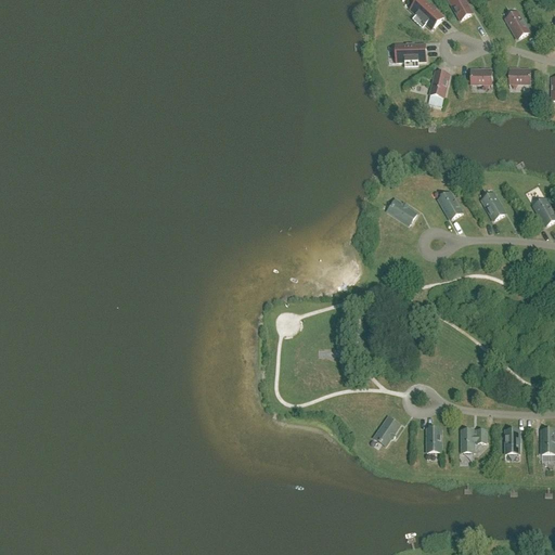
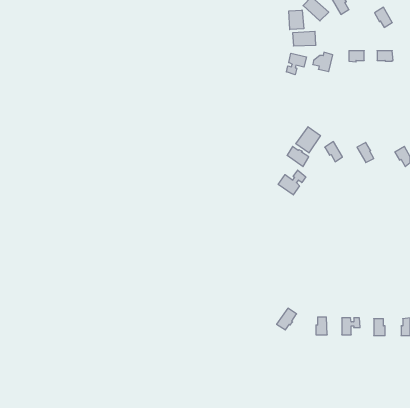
building: none -> [289,10,304,30]
building: none -> [286,53,306,75]
building: none -> [296,127,320,153]
building: none -> [278,170,306,195]

